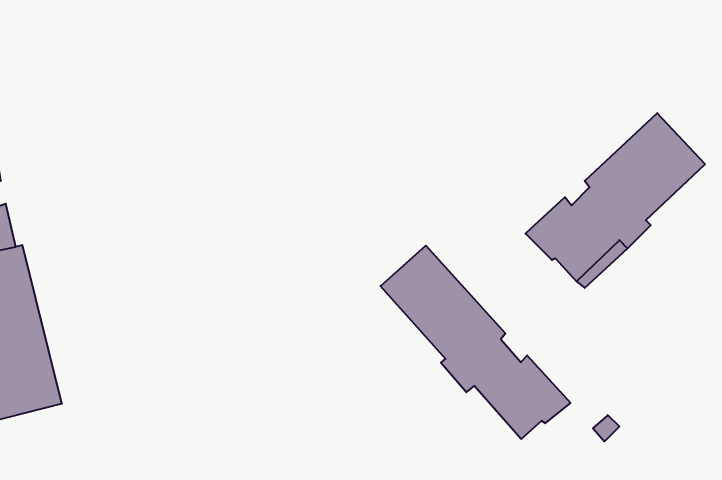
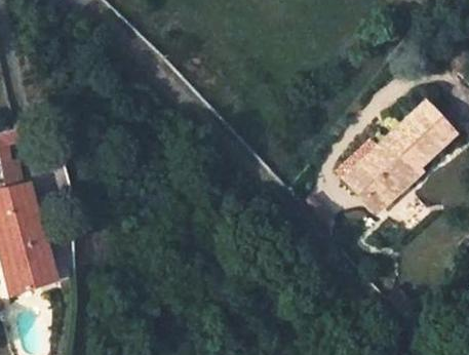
building: [380,246,570,439] -> none

